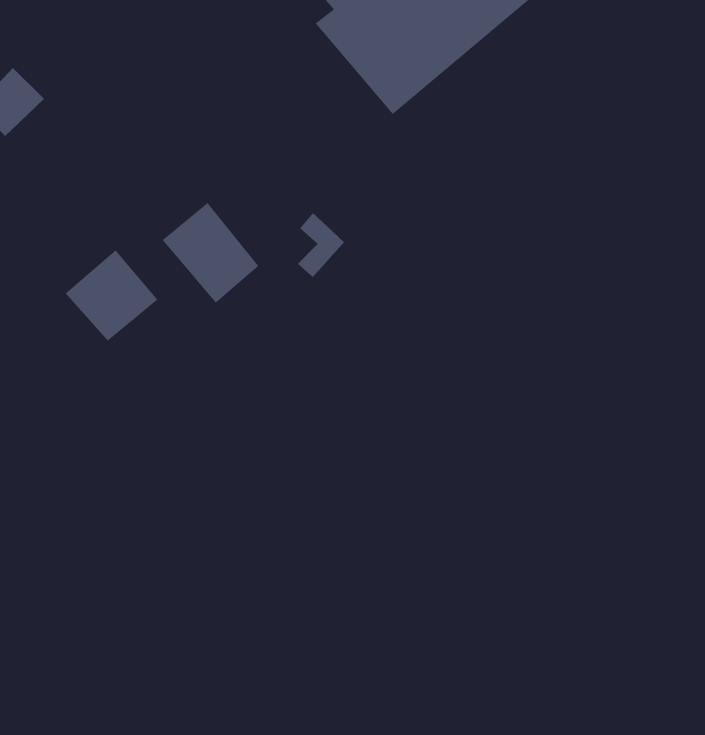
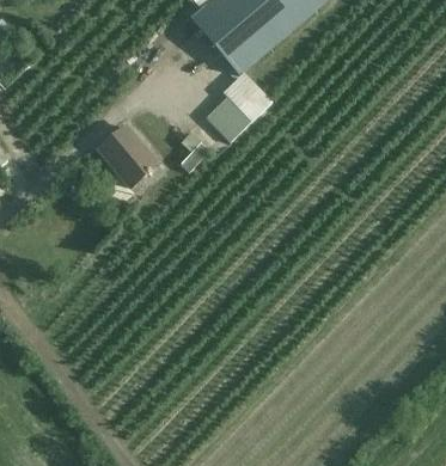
building: none -> [207,72,273,142]
building: [65,250,158,342] -> none

